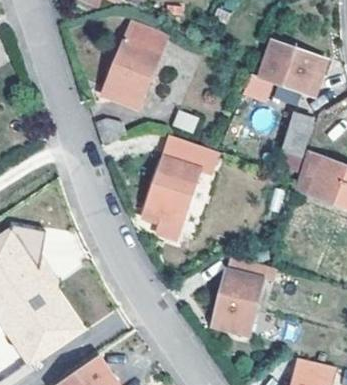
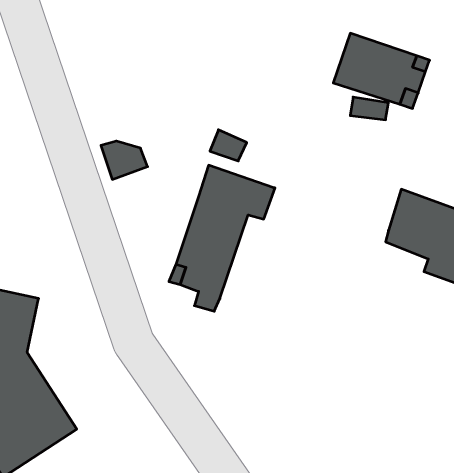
building: [102,23,165,107] -> none
building: [282,112,313,156] -> none
building: [211,256,276,335] -> none

